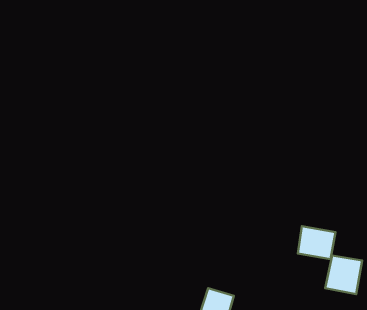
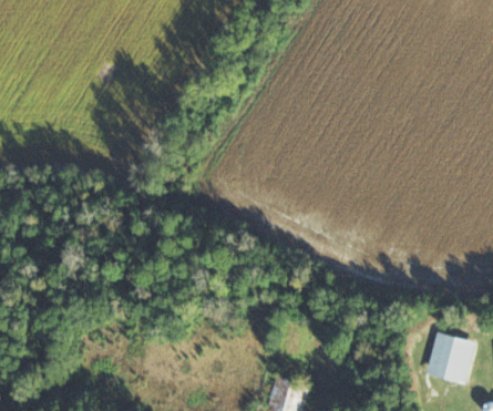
building: [298,226,336,259] -> none

